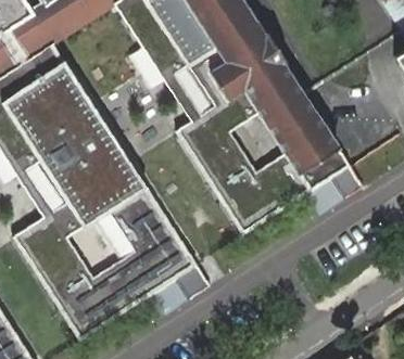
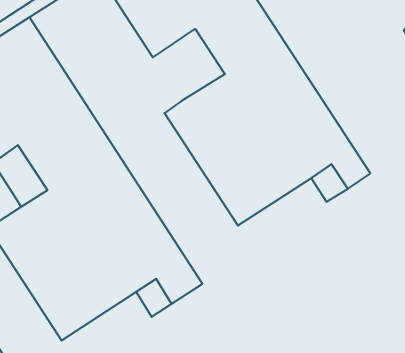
building: [164,53,230,119] -> none

